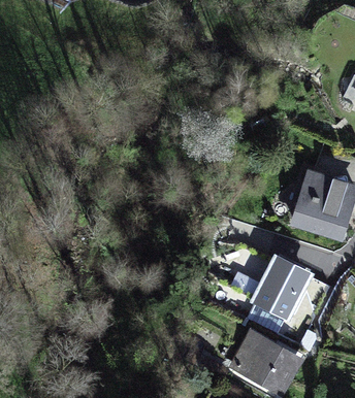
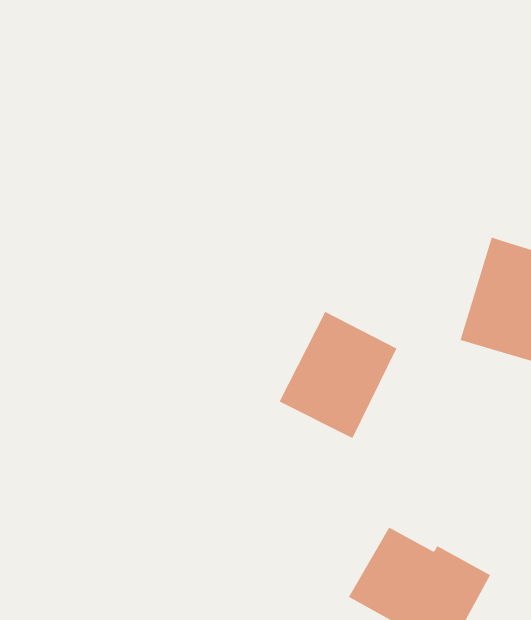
building: [248,252,314,323] -> [278,311,397,439]

